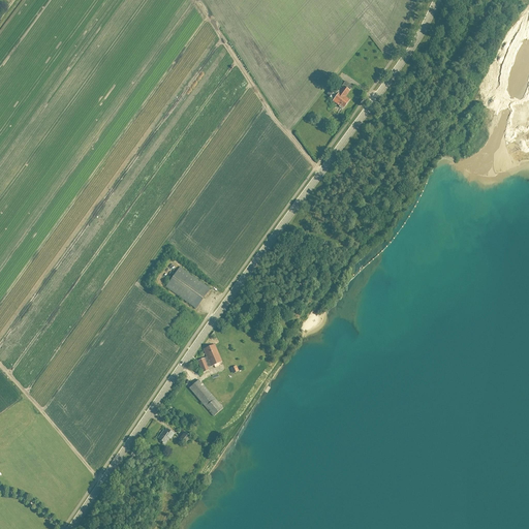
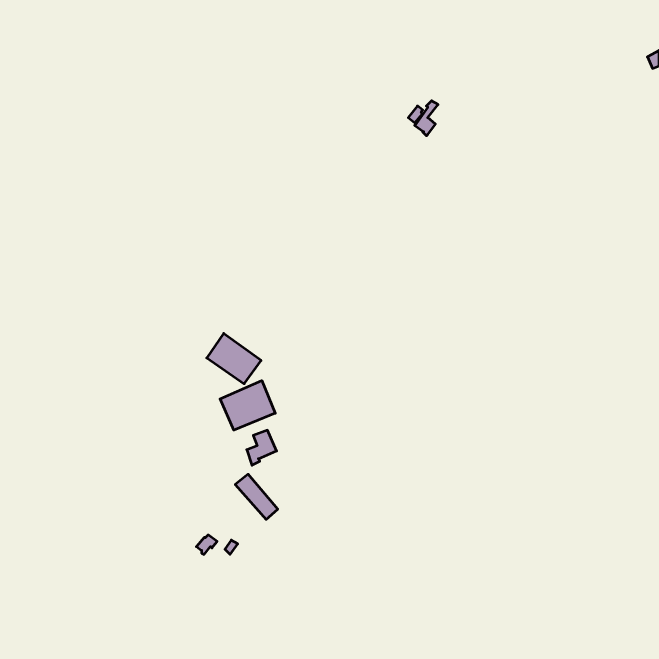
building: none -> [220,381,275,430]

